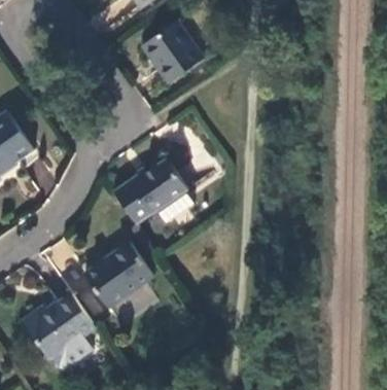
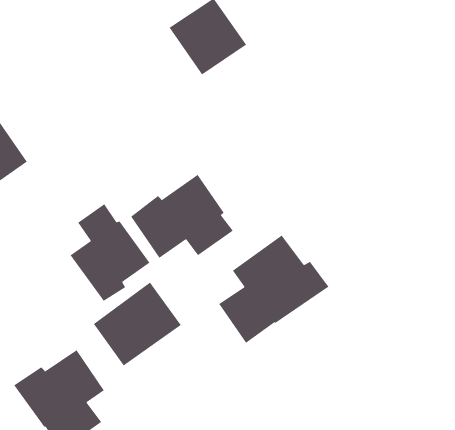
building: none -> [70,203,150,302]
building: none -> [218,234,330,344]

